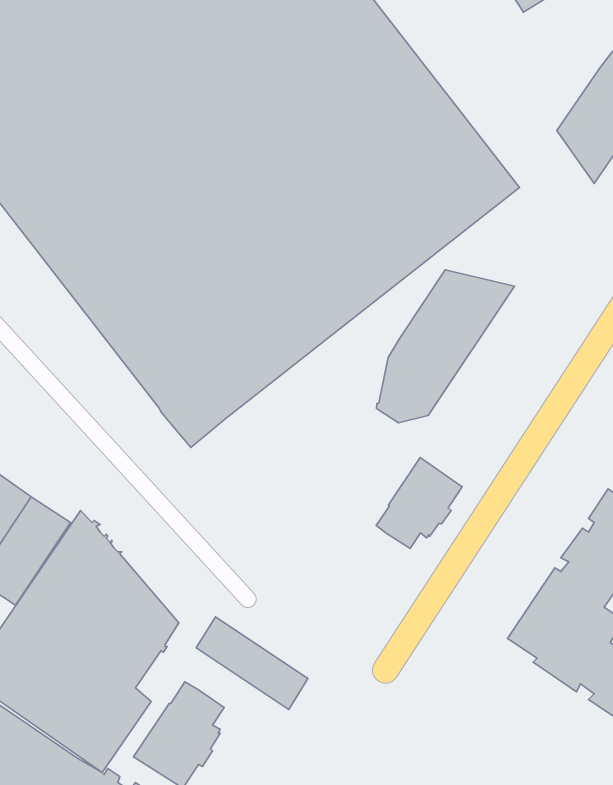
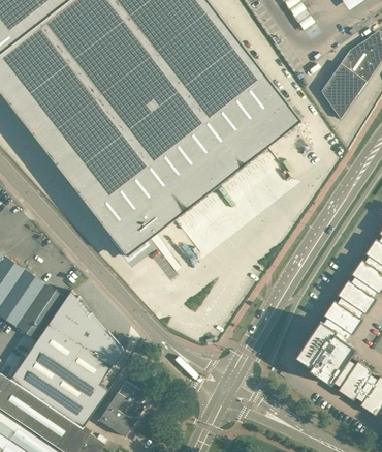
building: [377,270,515,423] -> none
building: [376,458,462,549] -> none
building: [196,617,308,709] -> none

